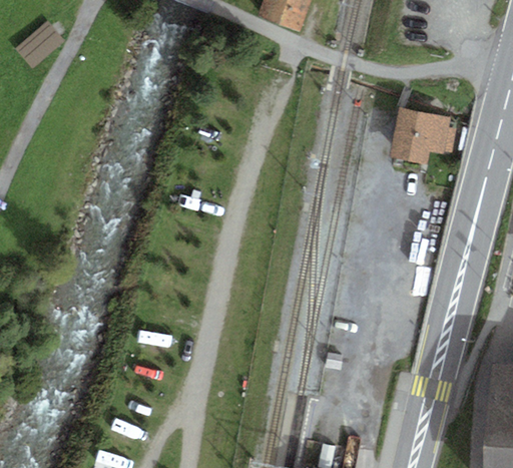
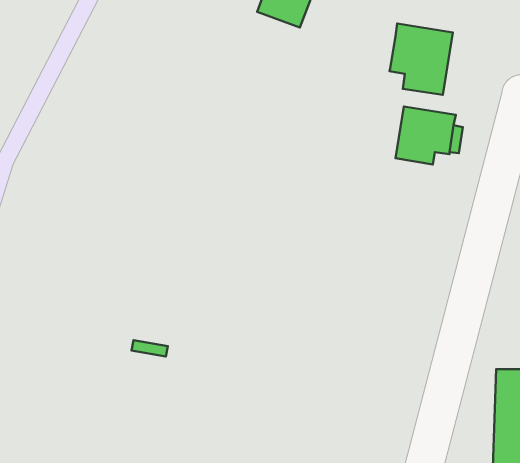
building: [17,23,62,66] -> none
building: none -> [389,23,453,95]

